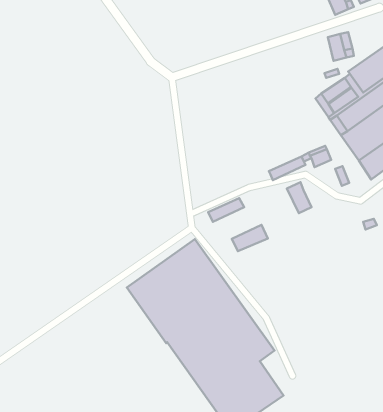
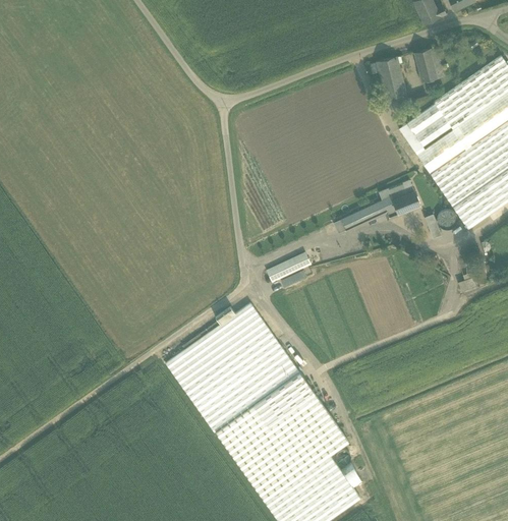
building: none -> [377,57,405,97]
building: [287,182,312,213] -> none
building: [232,225,268,251] -> none

